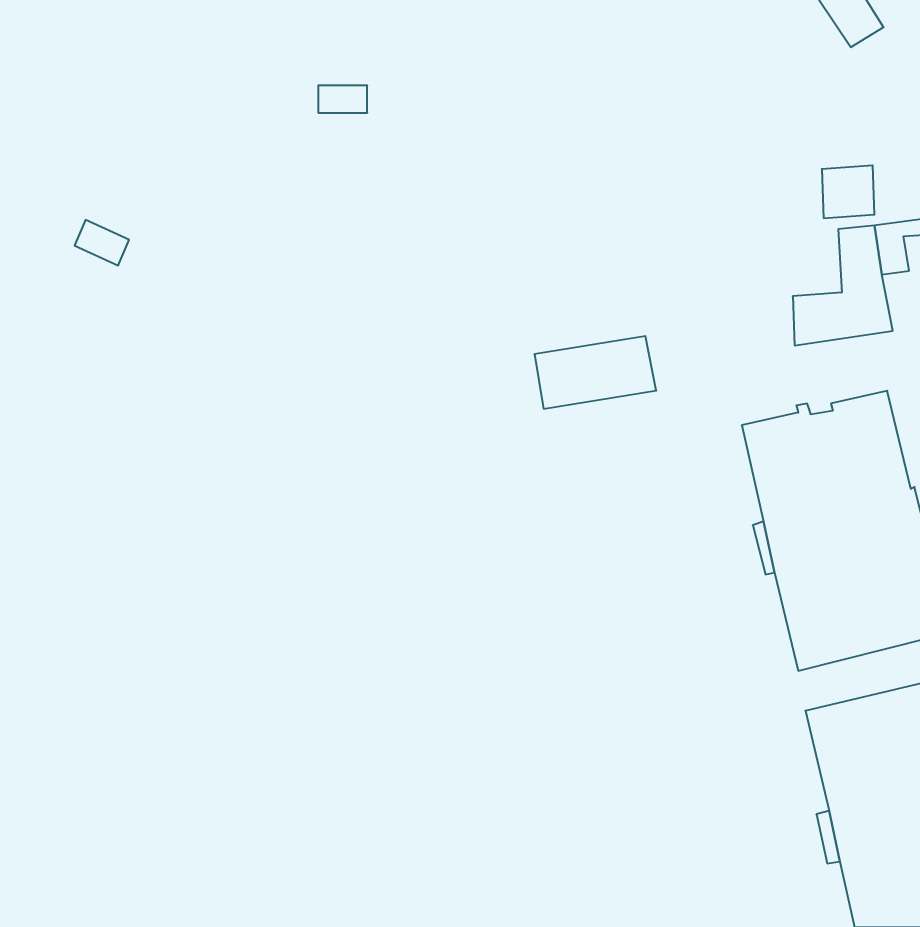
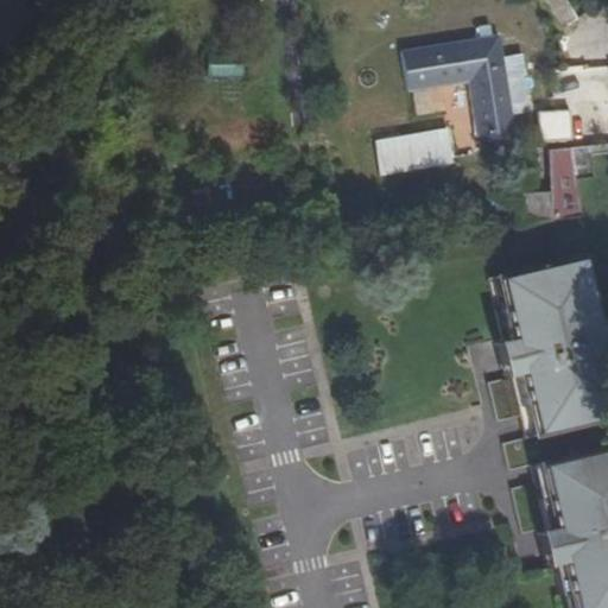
building: none -> [406,34,520,137]
building: [534,336,656,409] -> [379,128,458,176]

